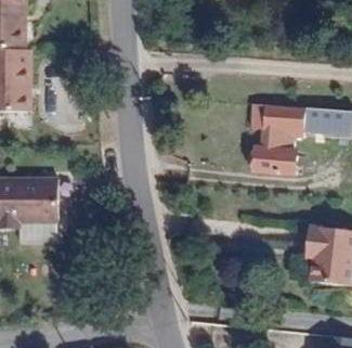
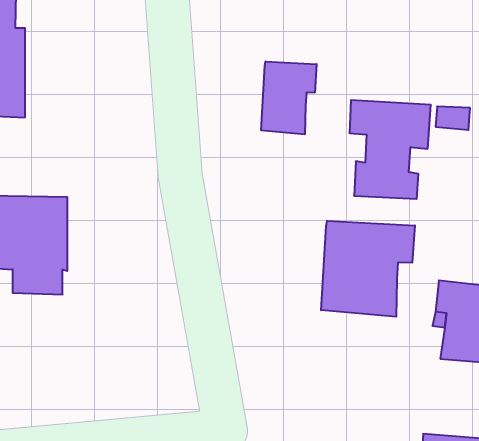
building: none -> [261,61,317,134]
building: none -> [321,221,415,317]

